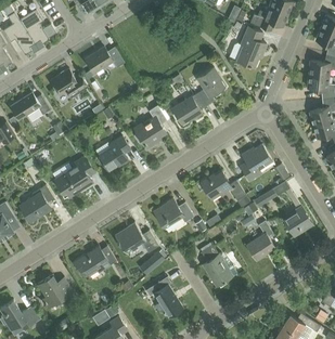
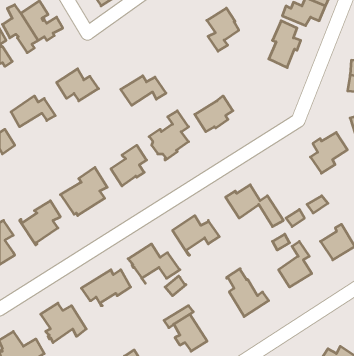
building: [85,47,125,73] -> [121,76,166,105]
building: [196,67,224,105] -> [207,8,239,51]
building: [240,144,272,180] -> [310,132,347,173]

